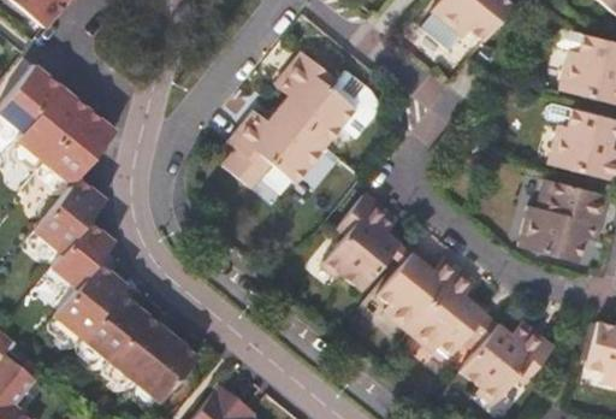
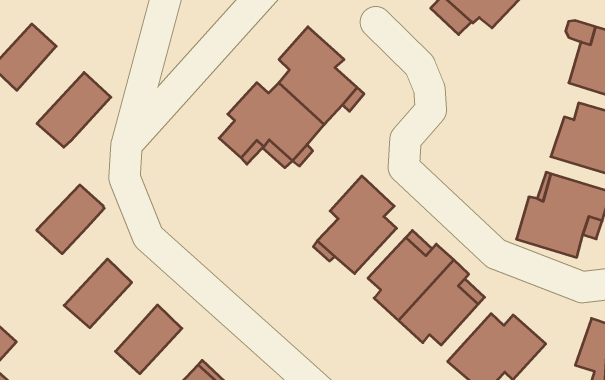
building: [16,85,87,163] -> none
building: [34,177,105,253] -> none
building: [53,261,125,340] -> none
building: [107,313,172,382] -> none

